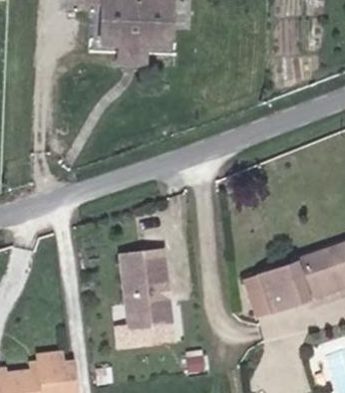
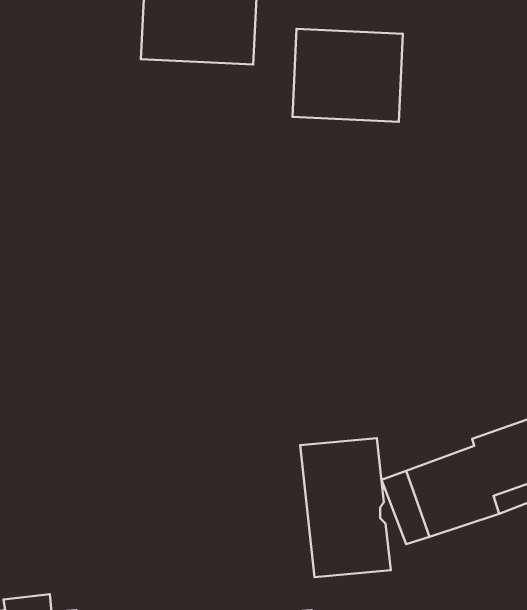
building: none -> [292,29,403,122]
building: [120,249,171,328] -> [300,438,391,577]

